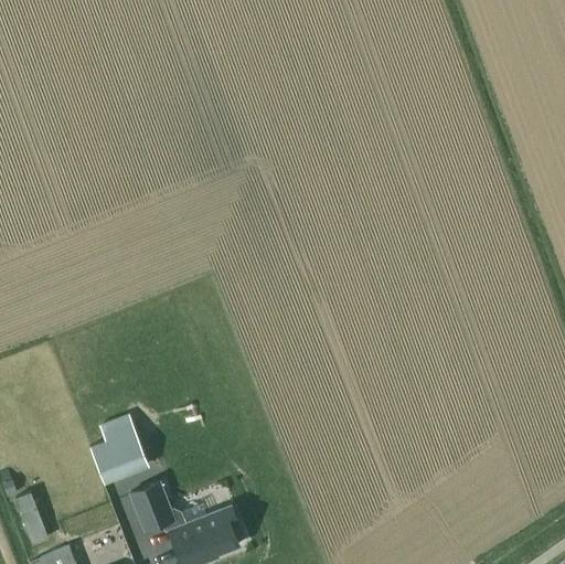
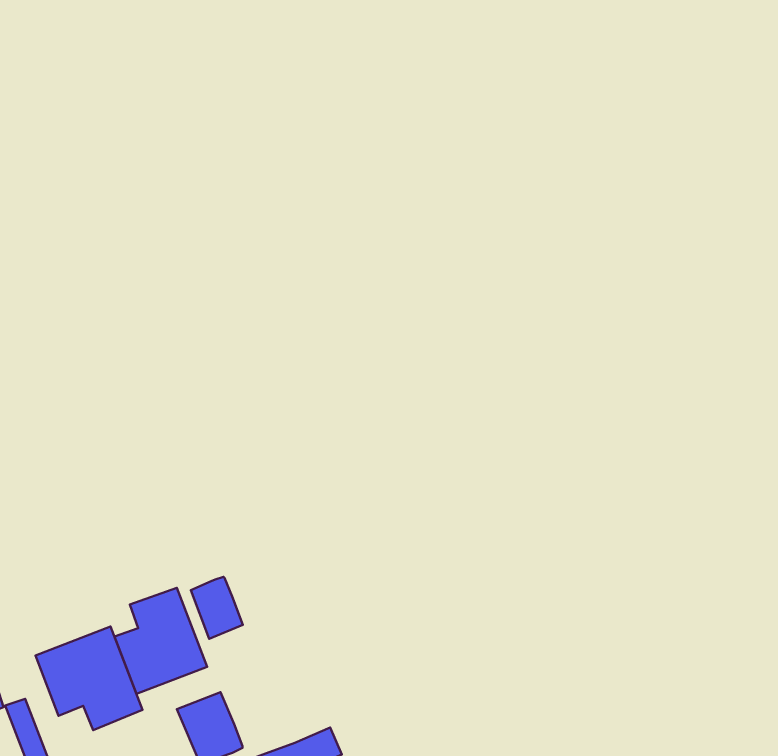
building: none -> [191,577,243,639]
building: none -> [35,626,143,730]

